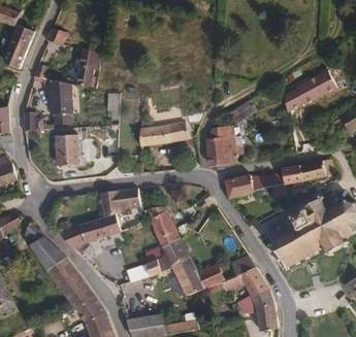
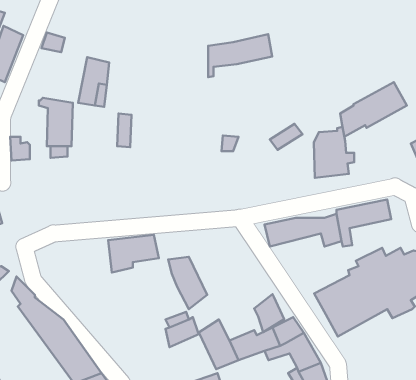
building: [139,121,190,155] -> [208,34,272,77]
building: [207,126,239,166] -> [314,127,354,178]
building: [56,133,77,164] -> none
building: [59,215,120,246] -> none
building: [164,236,188,266] -> [254,294,284,332]

